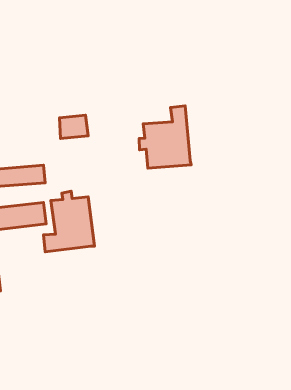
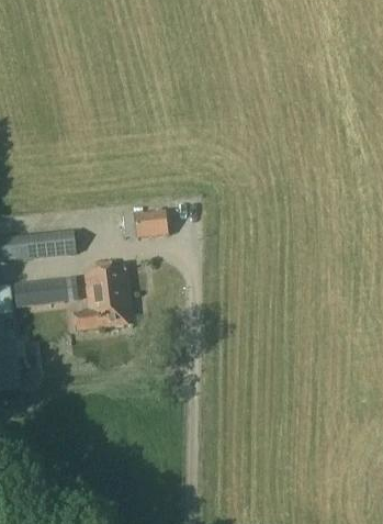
building: [139,106,191,168] -> none
building: [59,115,88,138] -> [134,208,168,235]

